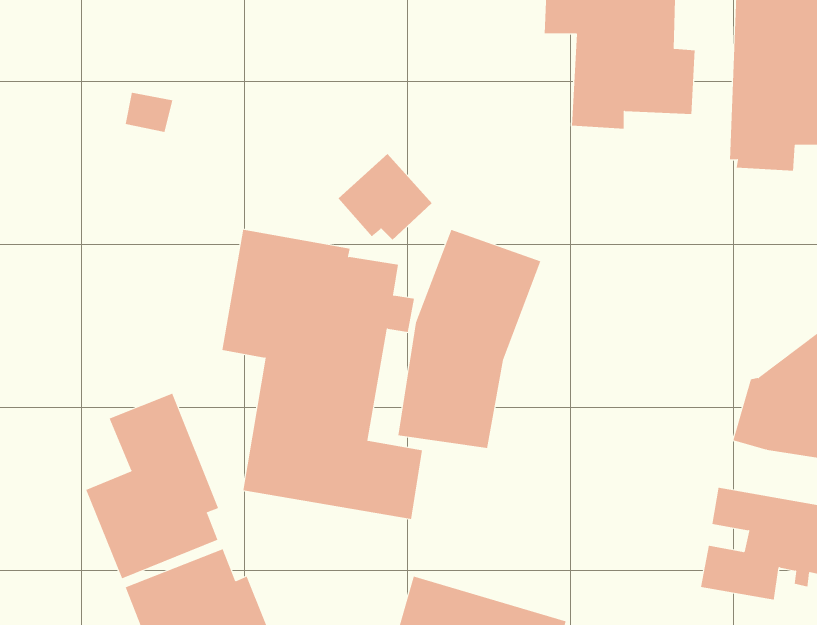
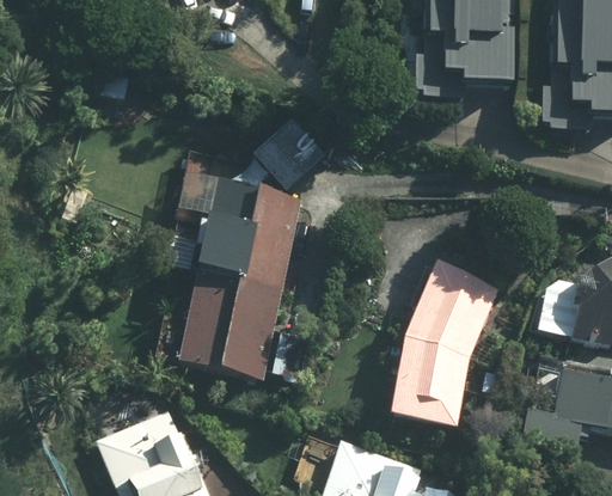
building: [398,229,541,448] -> [392,262,498,424]
building: [85,393,219,579] -> none

